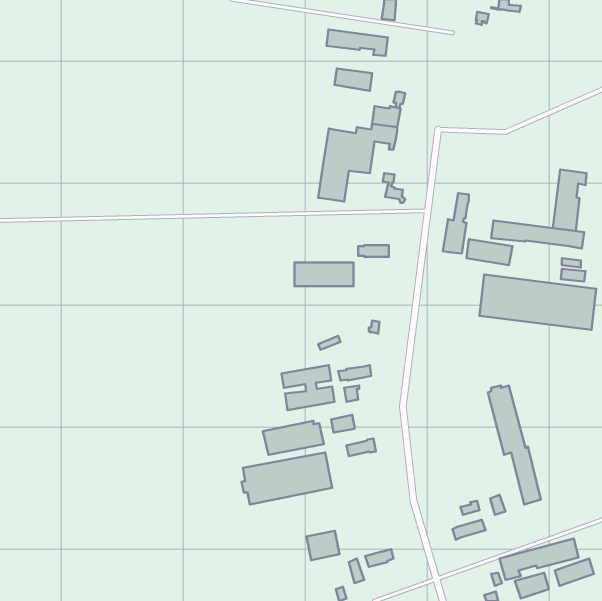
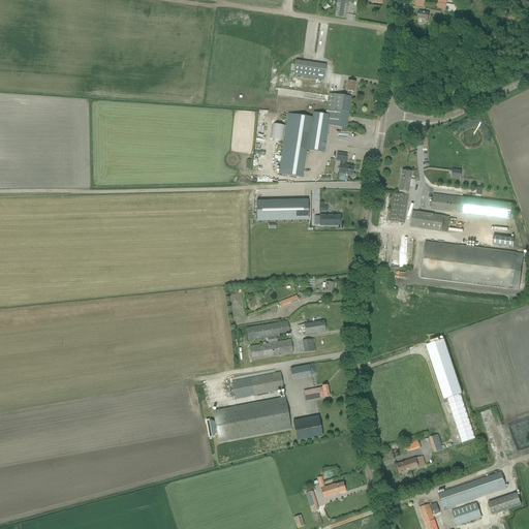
building: [327,30,388,56] -> none
building: [553,170,586,231] -> none
building: [295,263,353,286] -> [255,195,307,216]
building: [307,531,340,560] -> [293,415,322,441]

